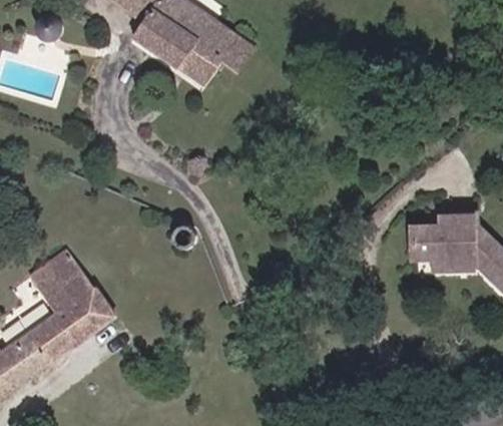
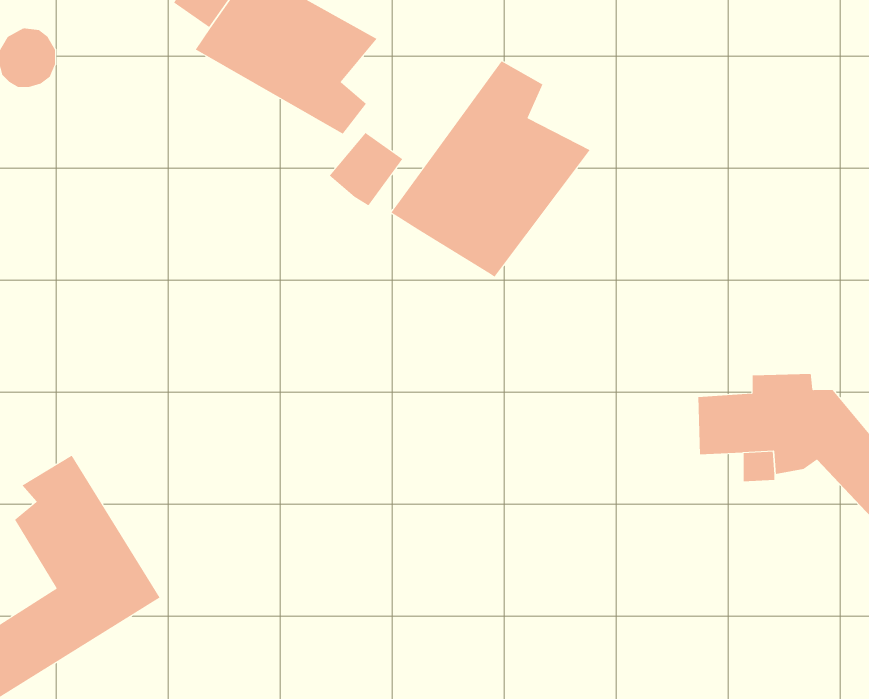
building: [209,25,250,66] -> [329,132,403,206]
building: none -> [390,61,590,278]

